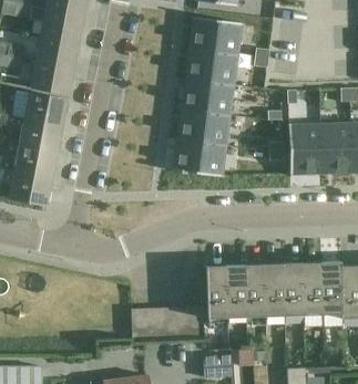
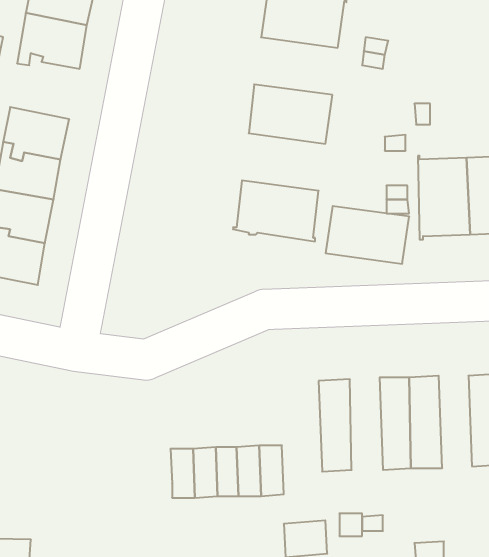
building: [185,46,238,83] -> none
building: [30,56,74,94] -> none
building: [177,107,231,144] -> [326,206,409,264]
building: [303,261,324,320] -> none
building: [246,262,267,321] -> none
building: [206,264,228,322] -> none

